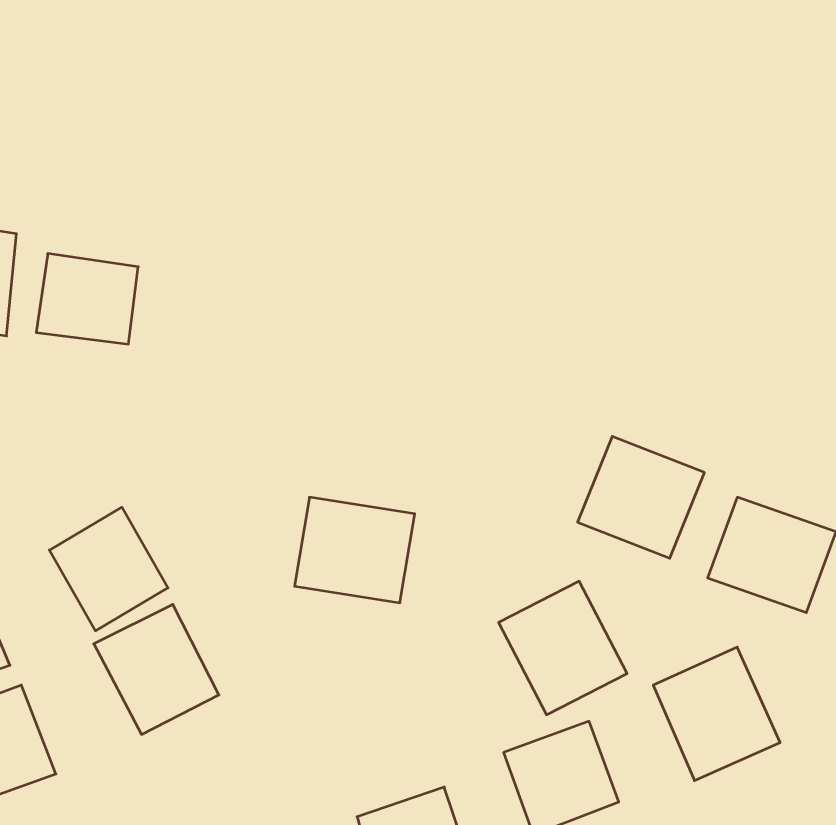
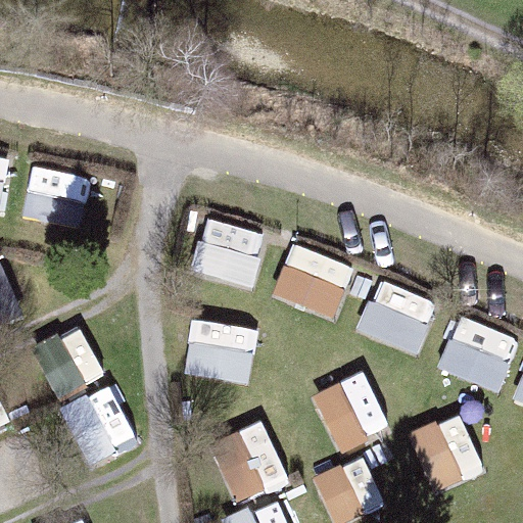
building: none -> [187,213,268,290]
building: none -> [271,242,356,321]
building: none -> [207,421,287,504]

